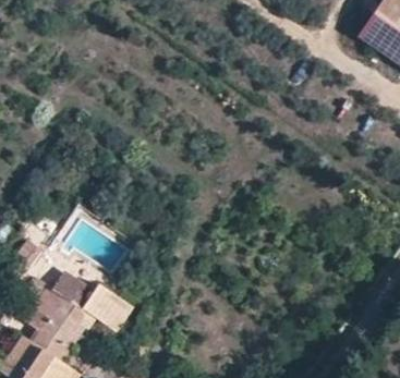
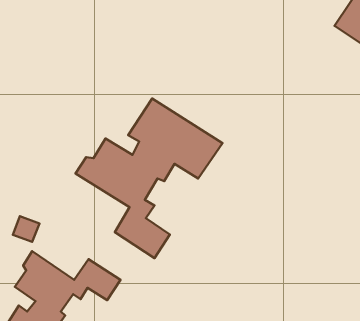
building: none -> [75,98,223,258]

